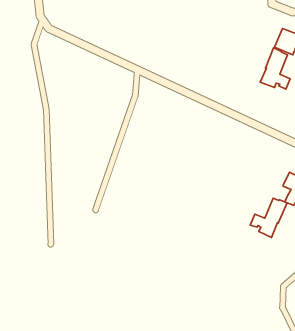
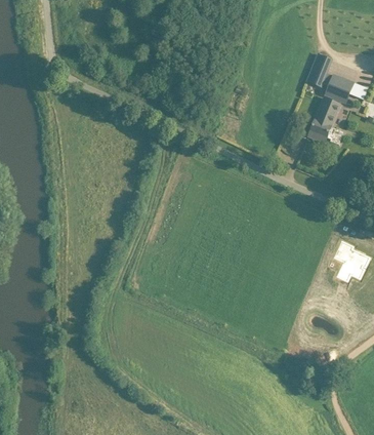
building: none -> [306,53,333,87]
building: [250,198,287,237] -> none

